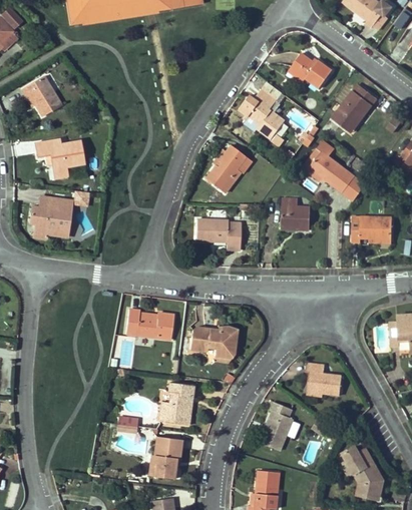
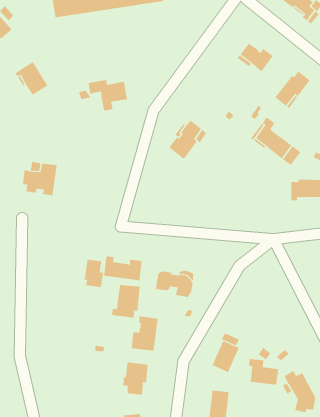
building: [240,90,285,139] -> none
building: [35,139,83,177] -> [88,79,128,111]
building: [282,199,311,231] -> none
building: [195,219,242,250] -> none
building: none -> [84,259,104,288]
building: none -> [112,284,140,318]
building: [306,363,343,395] -> [248,358,279,385]

